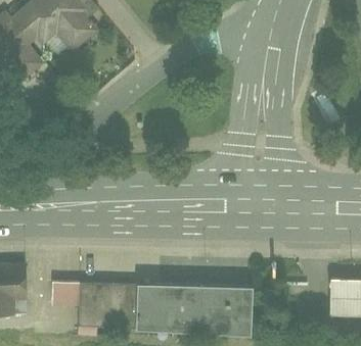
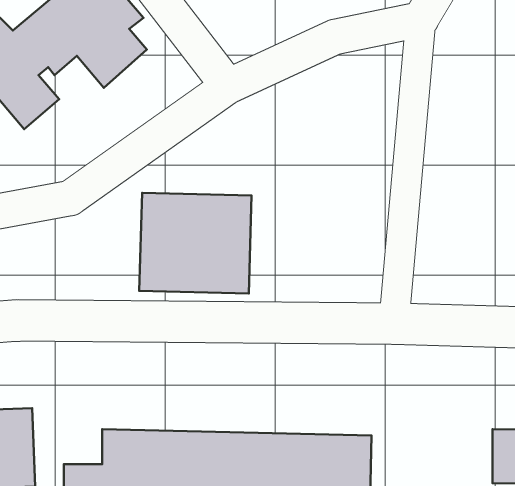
building: none -> [139,193,251,294]

